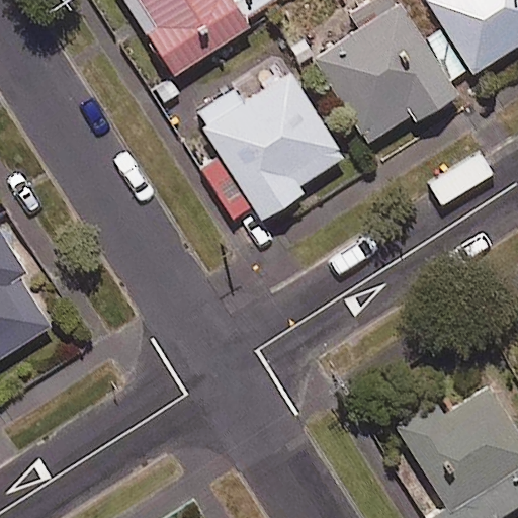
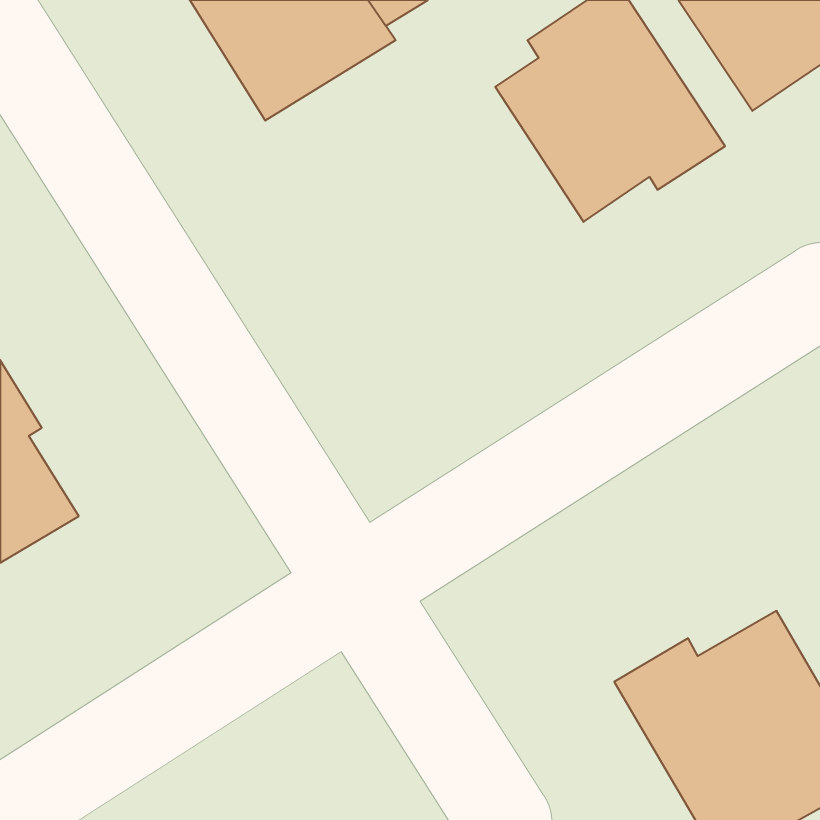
building: [203,72,343,219] -> none

